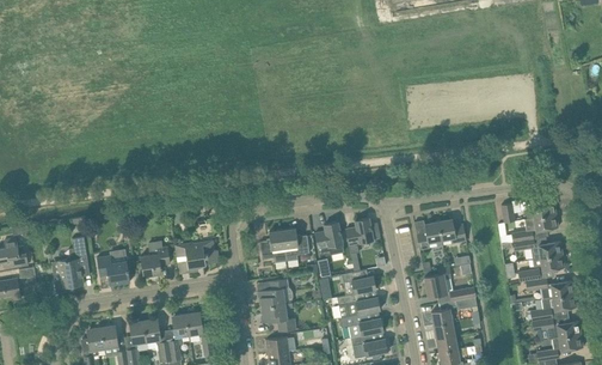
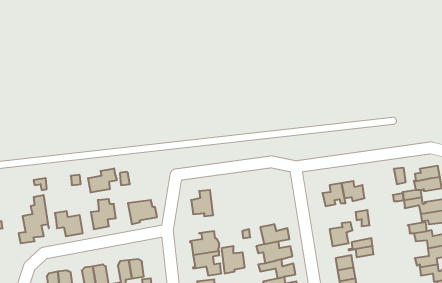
building: none -> [88,168,117,193]
building: [345,218,374,254] -> none
building: [314,221,344,256] -> none
building: [282,227,309,260] -> [222,246,245,273]

